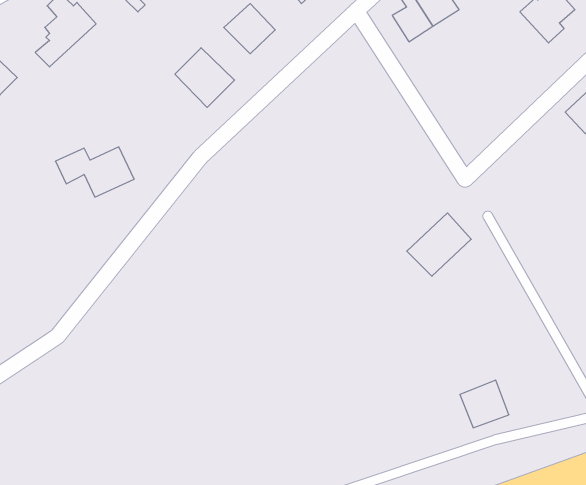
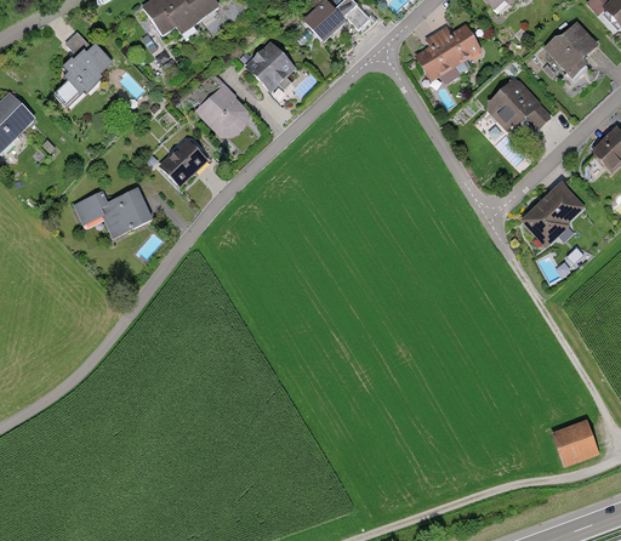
building: none -> [485,75,552,132]
building: none -> [159,136,210,187]
building: [407,213,471,276] -> [519,186,585,250]
building: [460,380,509,428] -> [549,423,599,472]

